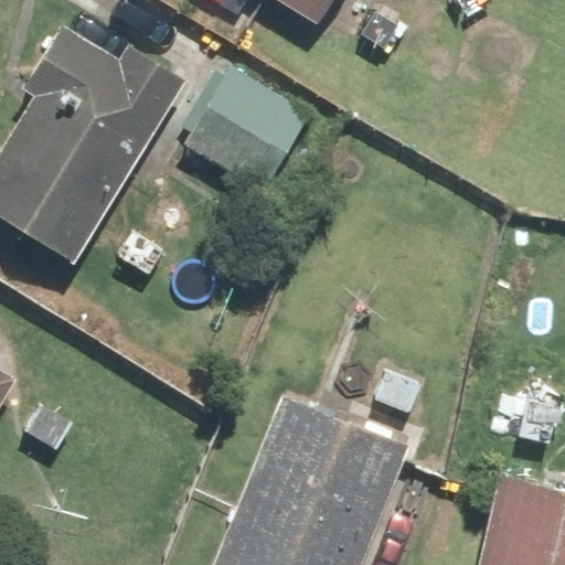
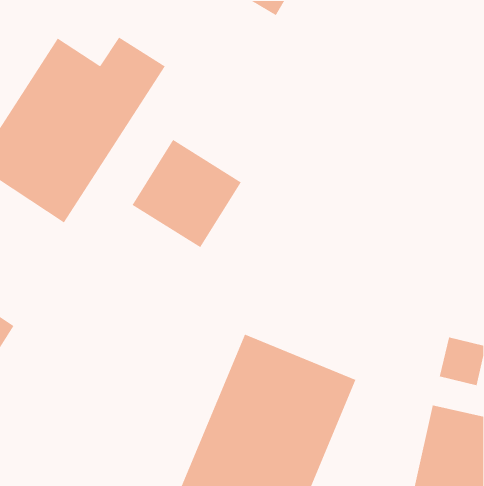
building: [182,68,309,194] -> [132,139,242,248]

